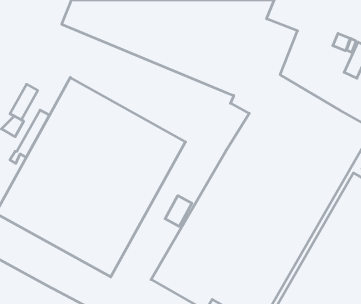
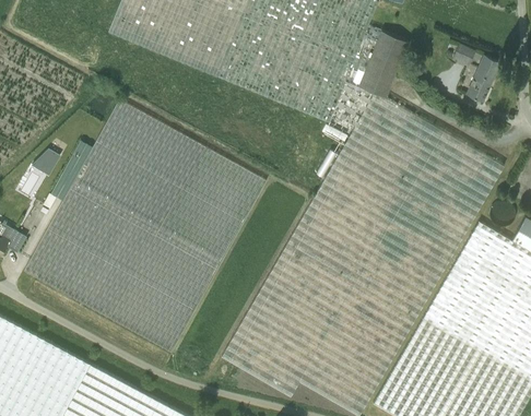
building: [10,84,38,120] -> none
building: [165,196,192,226] -> none

